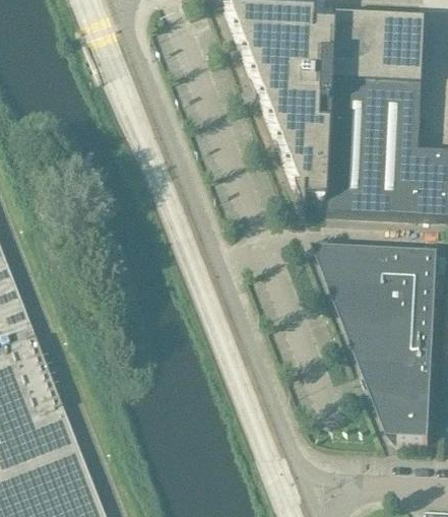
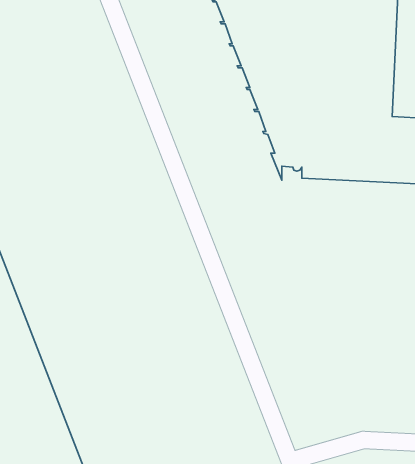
building: [310,245,436,438] -> none

